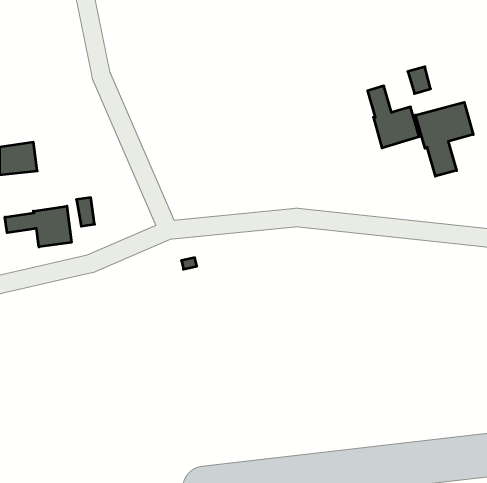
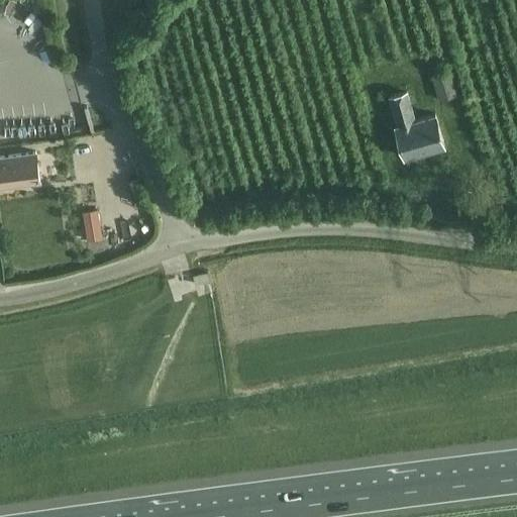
building: [415,102,473,176] -> none
building: [5,206,71,247] -> none

